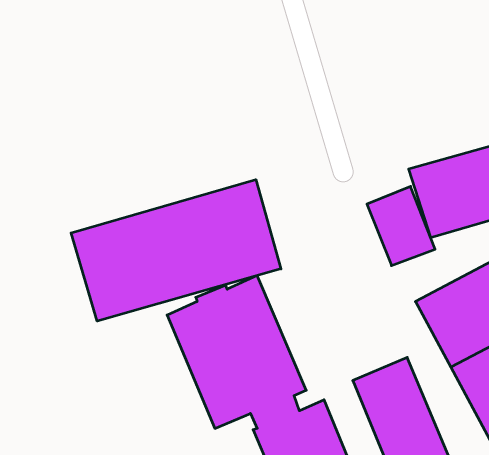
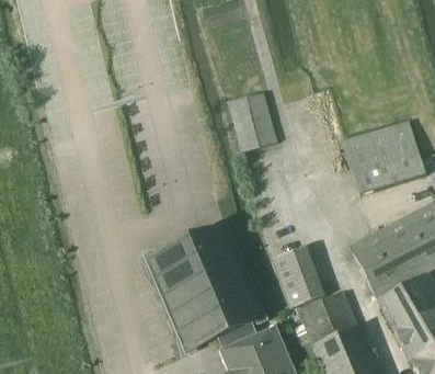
building: none -> [228,92,278,151]
building: [71,180,281,321] -> none
building: [367,186,435,266] -> [271,246,325,309]

